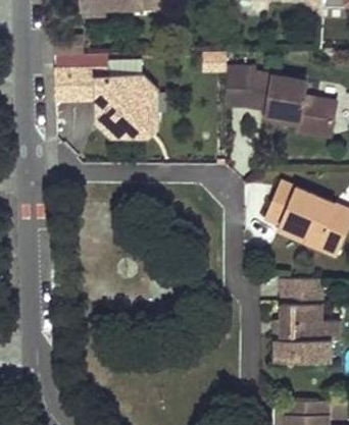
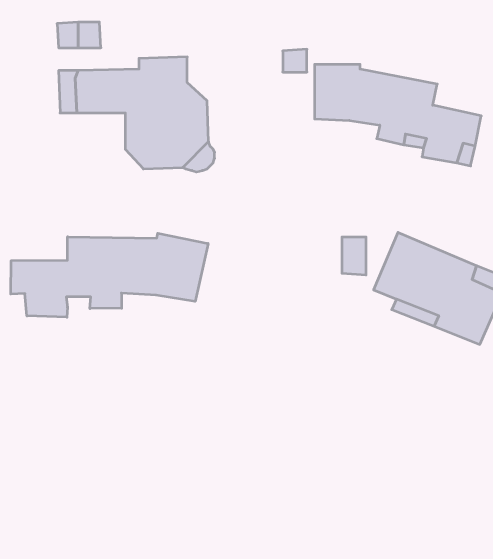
building: none -> [11,233,208,317]
building: [276,277,340,358] -> none

